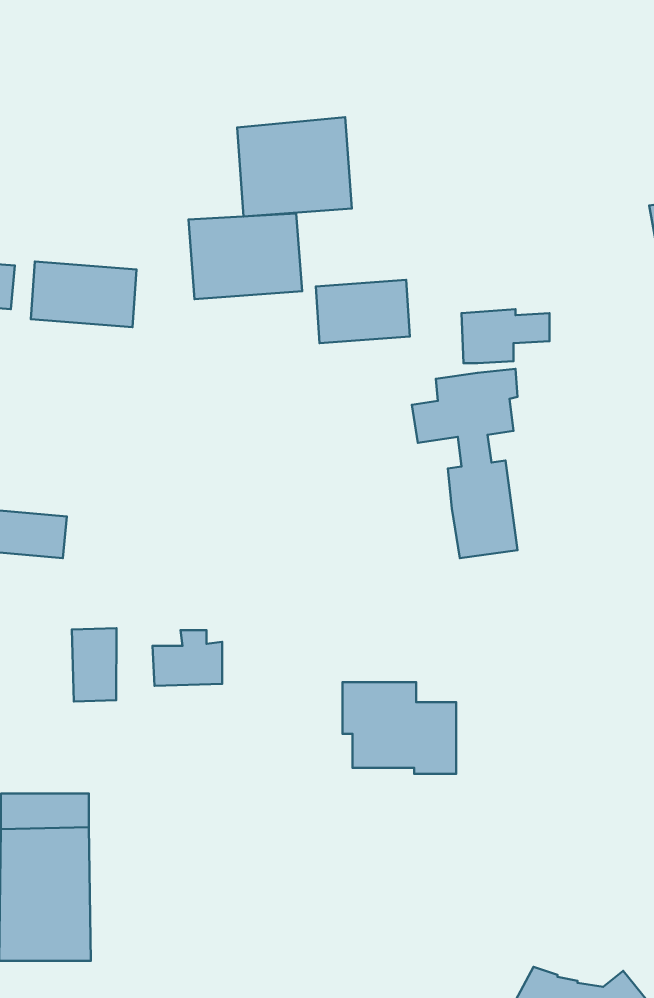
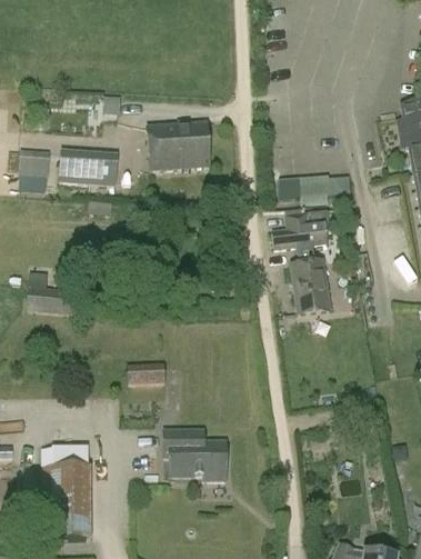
building: [237,117,352,216] -> none
building: [316,280,410,343] -> none
building: [72,628,116,702] -> none
building: [342,682,456,774] -> [163,428,227,479]

